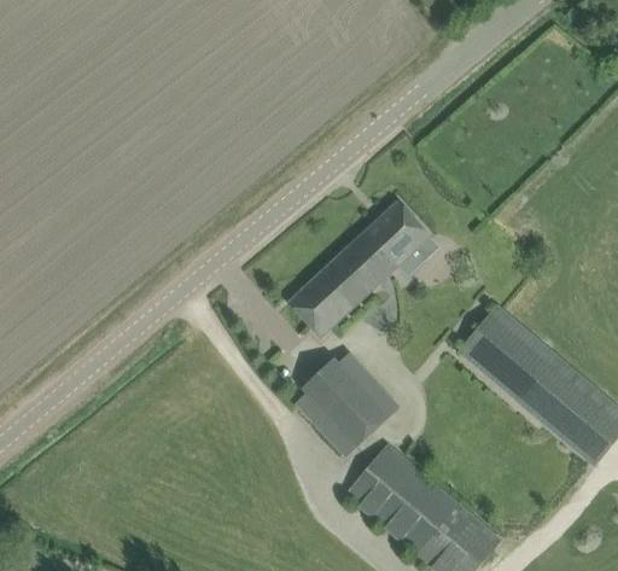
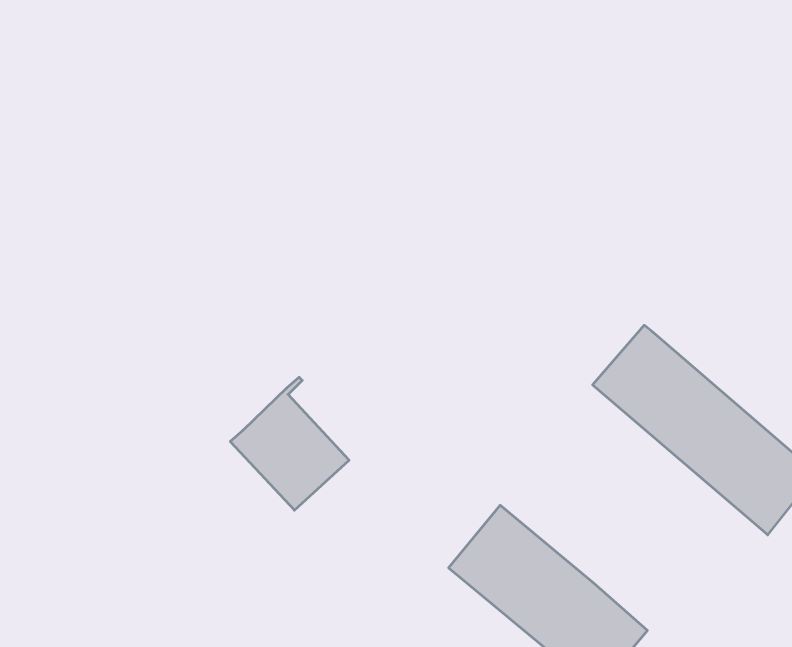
building: [290,199,430,334] -> none
building: [297,351,389,454] -> [230,377,349,510]

